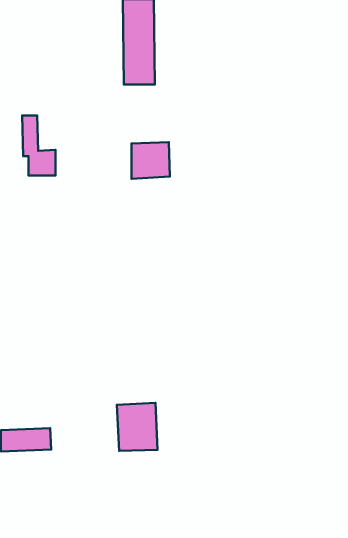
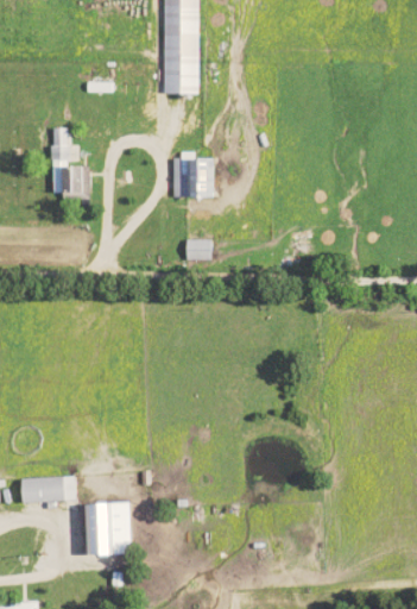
building: none -> [181,240,209,260]
building: [117,403,158,451] -> [90,501,135,554]

